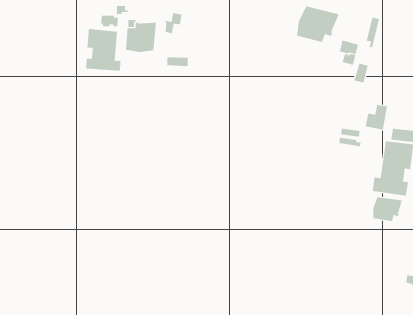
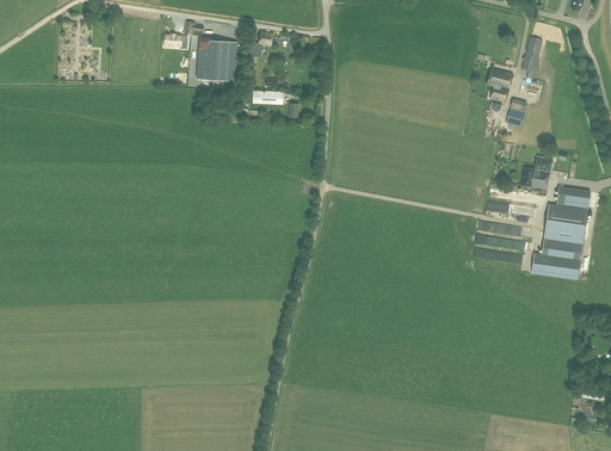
building: [296,6,340,43] -> none
building: [86,28,121,72] -> none
building: [373,197,403,222] -> none

